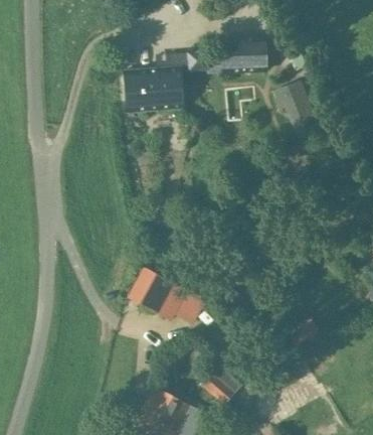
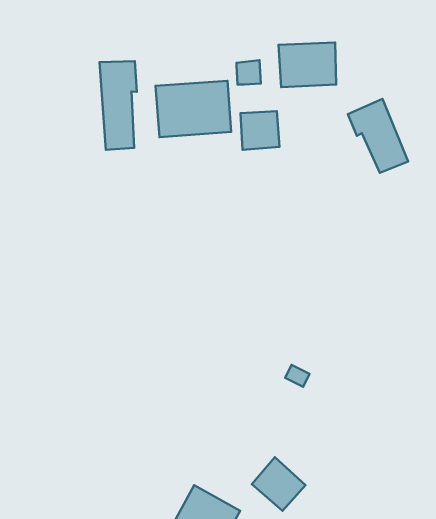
building: none -> [100,61,137,150]
building: none -> [241,111,280,150]
building: [128,267,204,322] -> none

